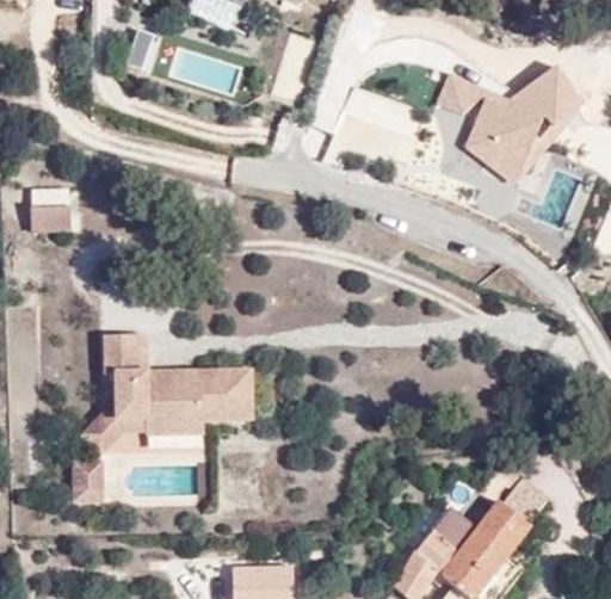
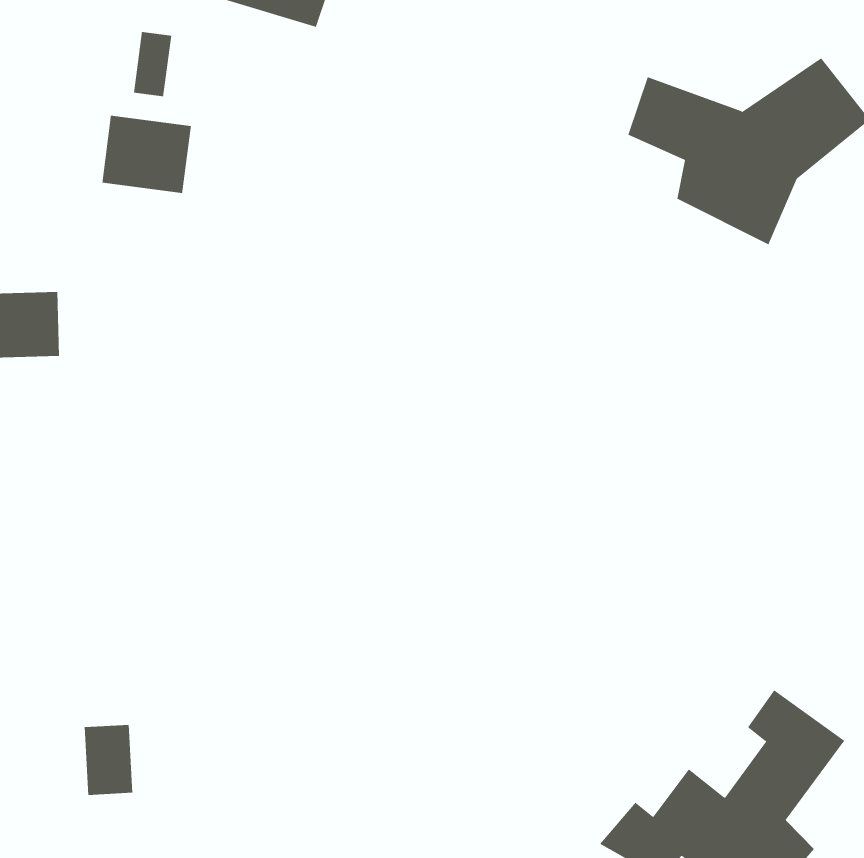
building: none -> [102,115,191,194]
building: [81,335,253,455] -> none

